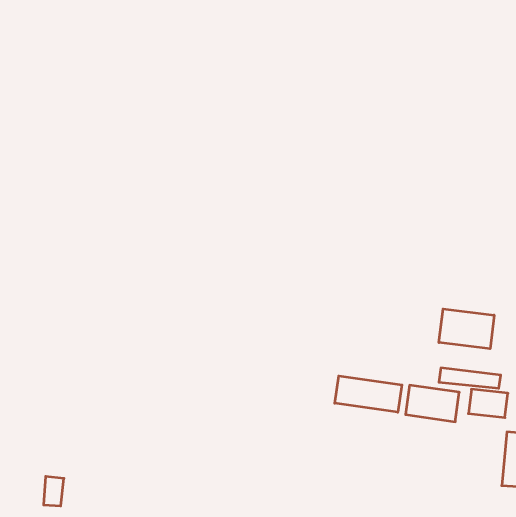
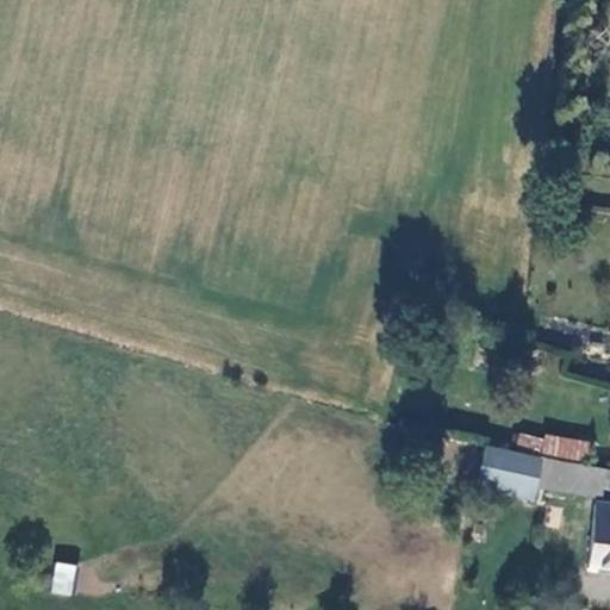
building: [439,309,494,349] -> none
building: [335,376,402,412] -> none

